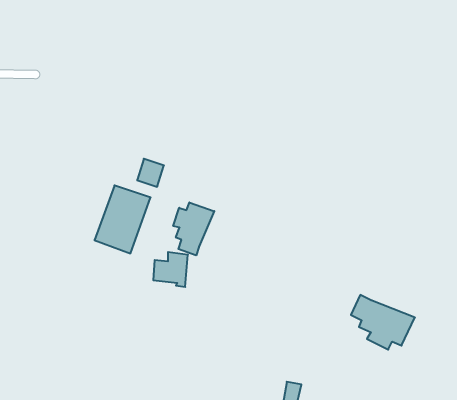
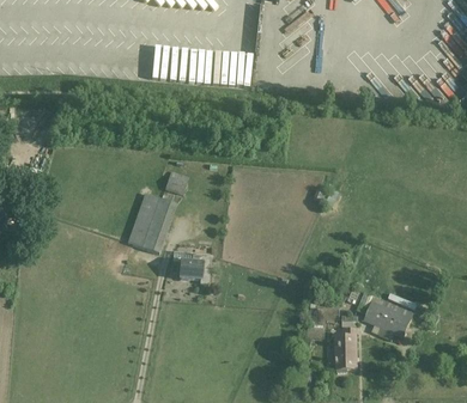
building: [173,202,214,255] -> none
building: none -> [335,324,356,368]

